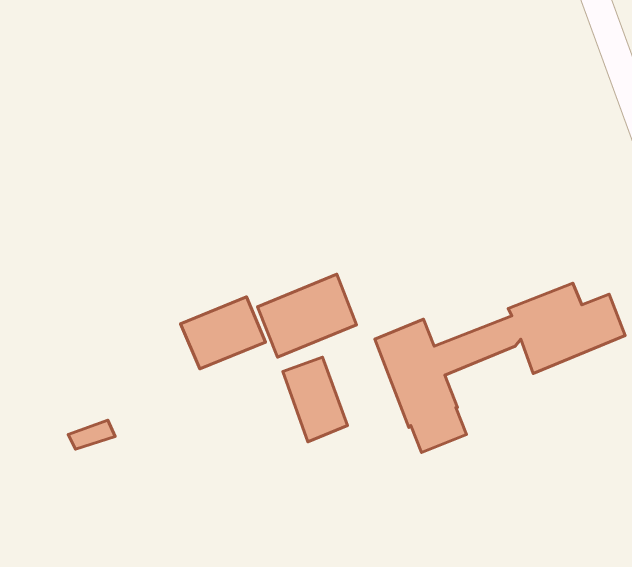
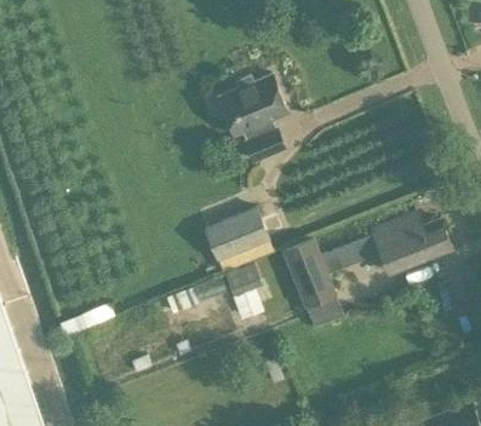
building: none -> [217,75,287,162]
building: [181,297,266,369] -> none

